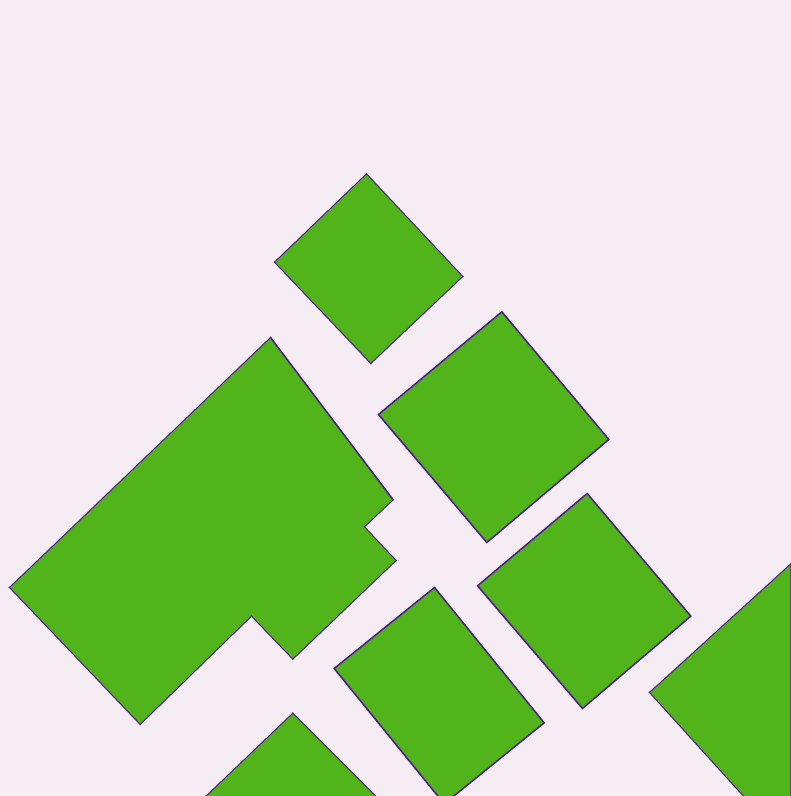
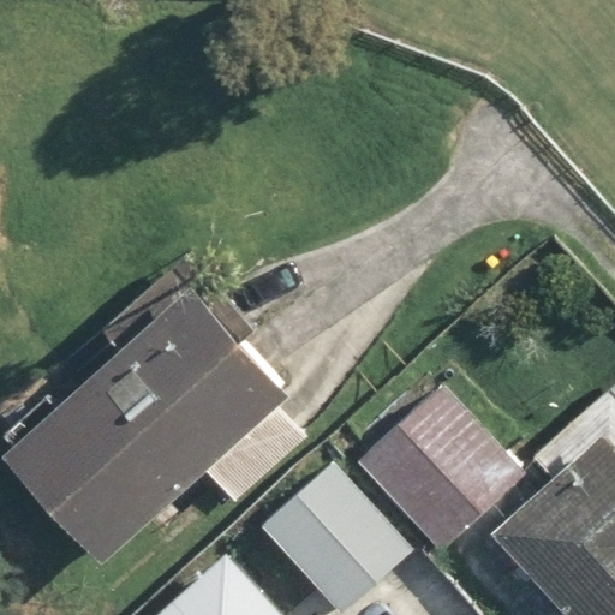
building: [274,174,463,363] -> none
building: [378,312,609,543] -> none

